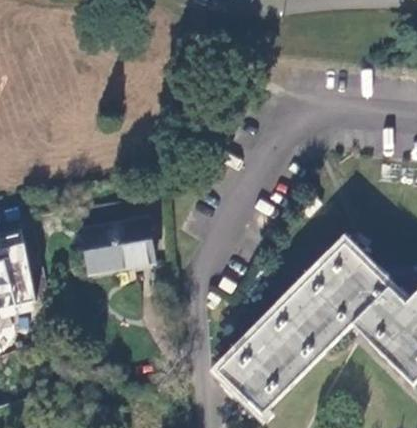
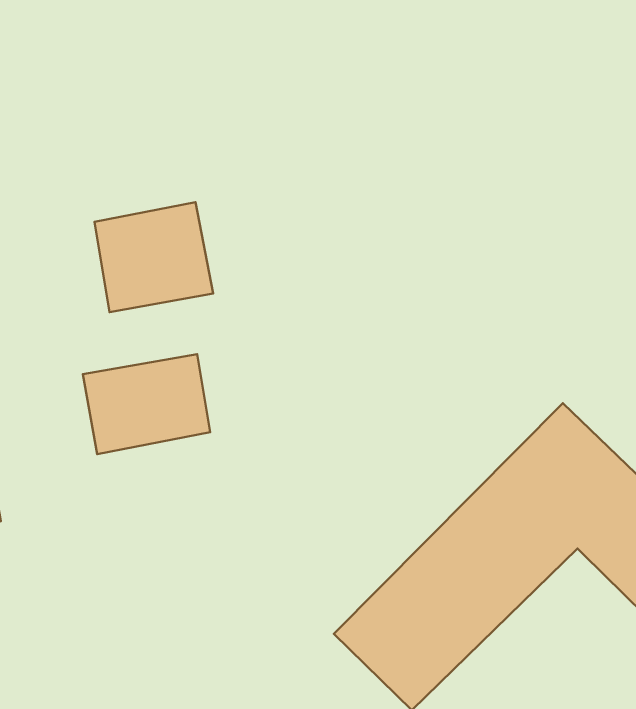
building: none -> [95,202,213,312]

